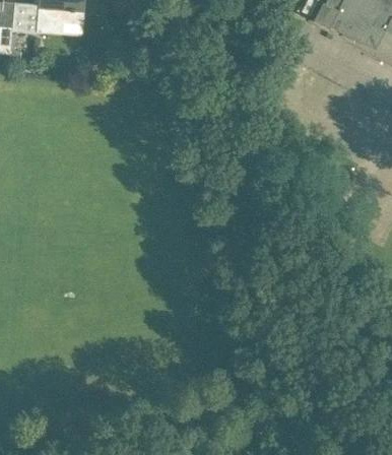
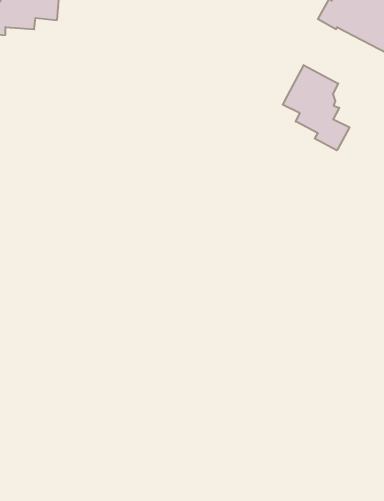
building: none -> [283,65,349,150]

